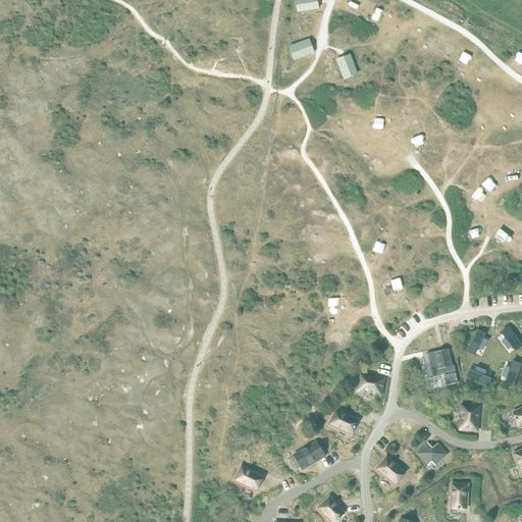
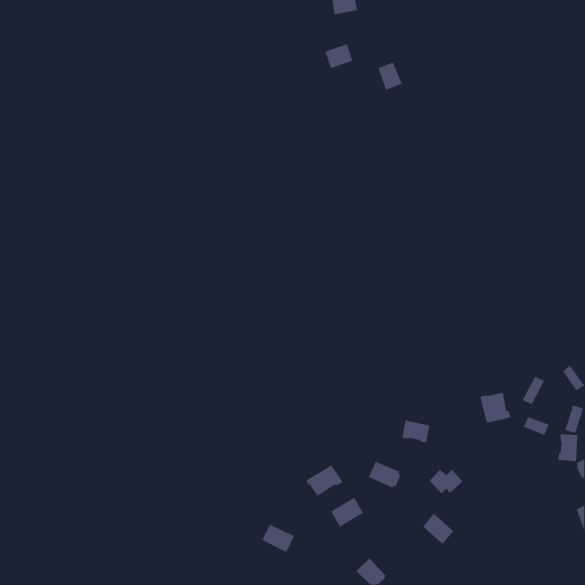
building: [459,405,477,429] -> [557,434,578,461]
building: none -> [306,465,343,497]
building: [416,442,447,465] -> [429,469,463,494]
building: [450,483,467,509] -> none

